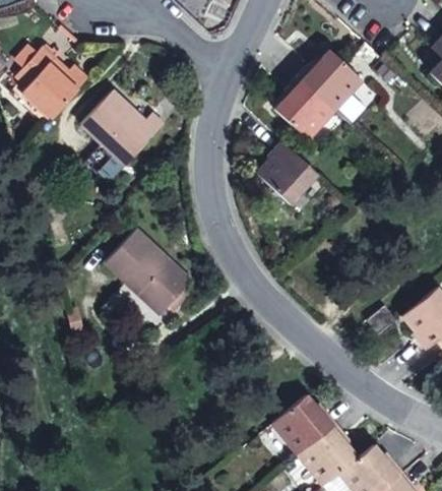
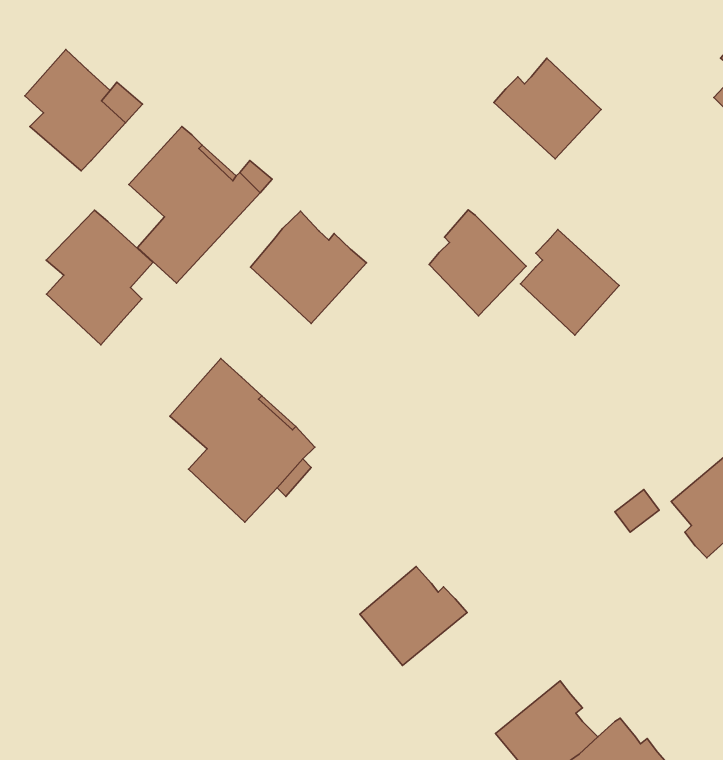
building: [275,76,334,139] -> [520,229,619,335]
building: none -> [46,210,153,345]
building: none -> [251,211,366,324]
building: [273,393,337,452] -> [360,567,467,665]

